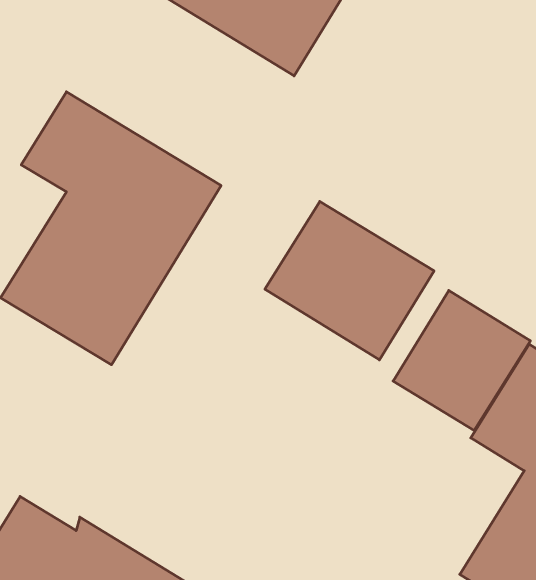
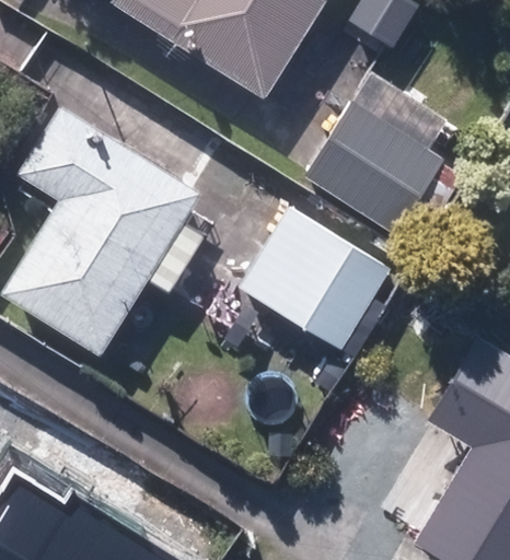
building: none -> [305,104,441,233]
building: [393,290,530,430] -> none

